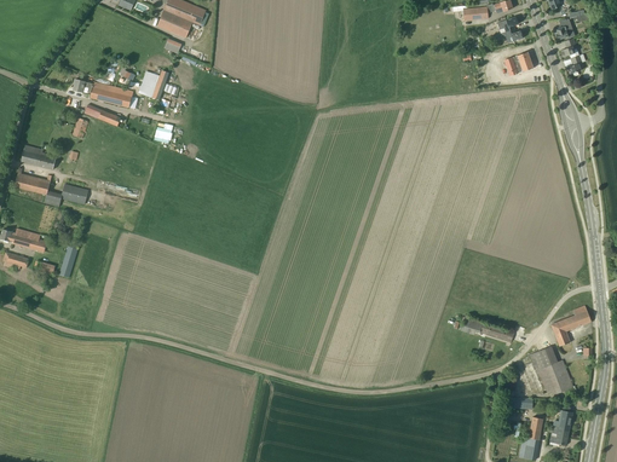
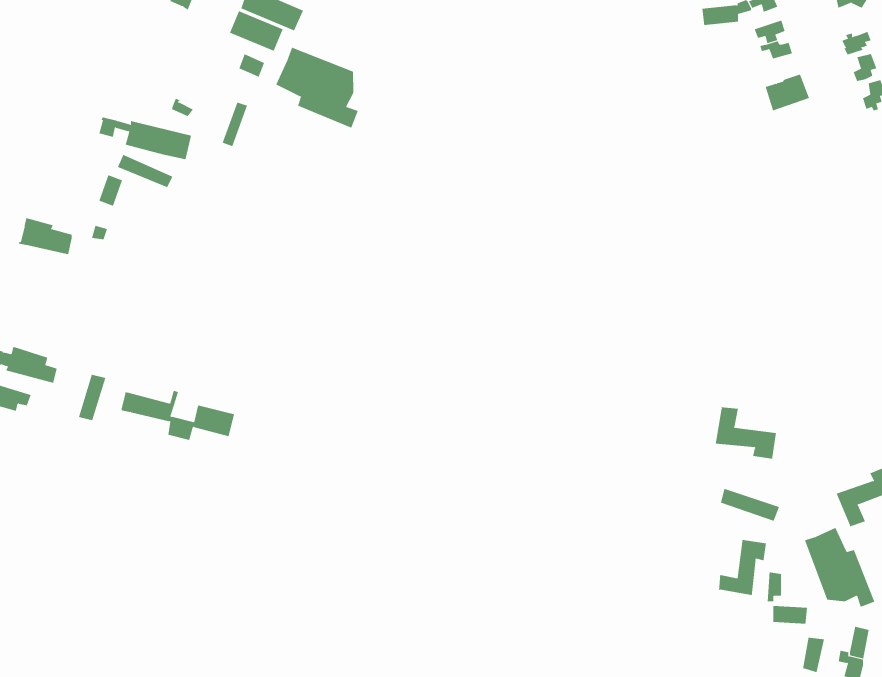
building: none -> [275,47,359,128]
building: [13,173,87,206] -> [121,390,235,440]
building: none -> [715,407,777,459]
building: none -> [718,539,767,596]

